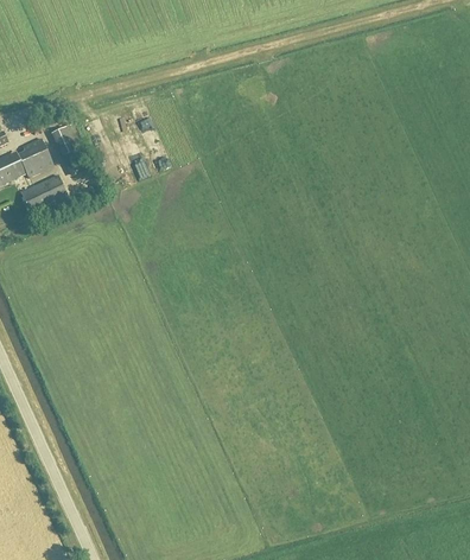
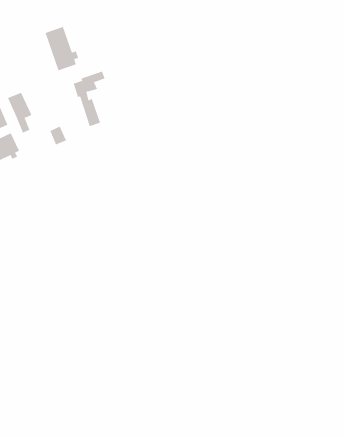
building: none -> [45,26,79,71]

